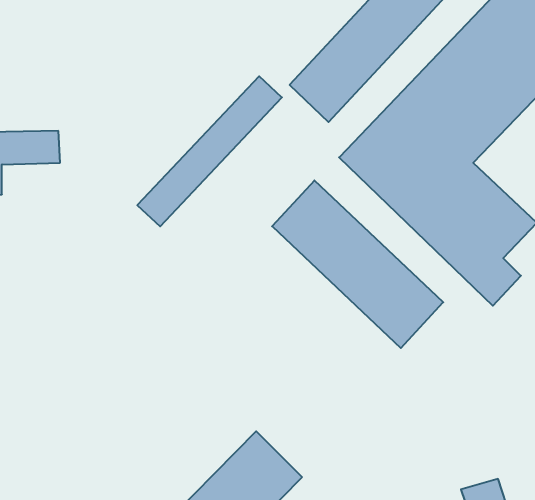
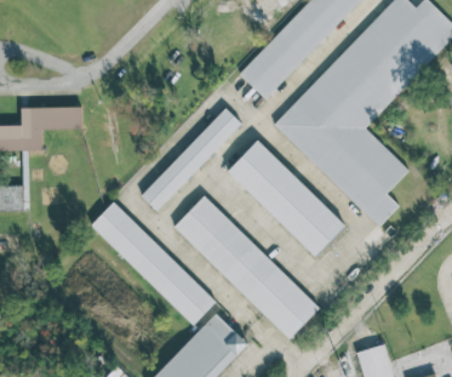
building: [137,76,282,226] -> [142,108,241,211]
building: none -> [174,196,320,338]
building: none -> [90,202,217,325]

